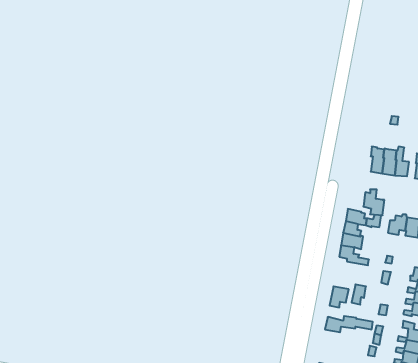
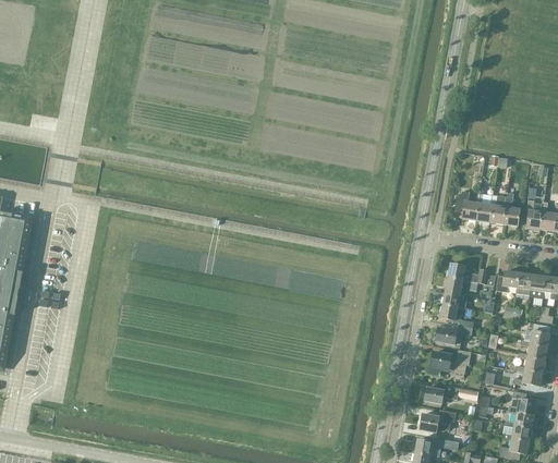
building: [363,189,384,215] -> [453,191,477,220]
building: none -> [434,322,472,344]
building: none -> [418,411,454,431]

